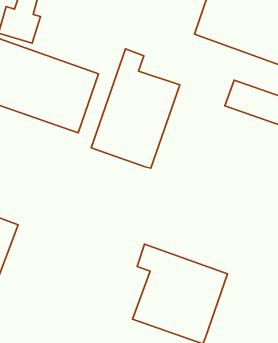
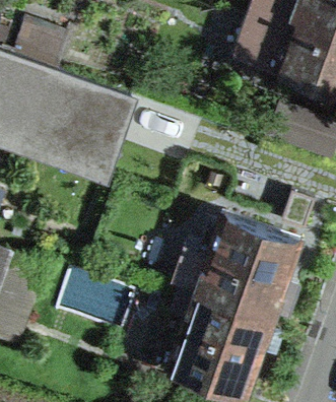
building: [91,49,180,168] -> none
building: none -> [181,219,298,323]

